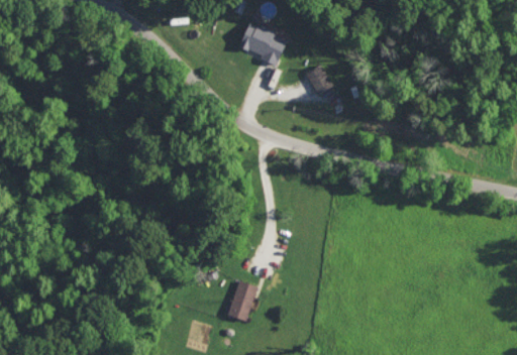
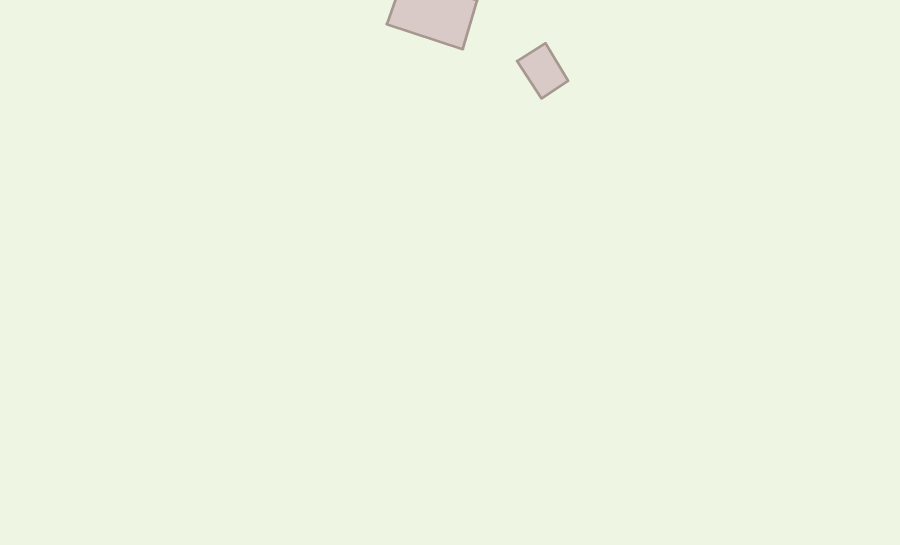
building: [227,281,257,322] -> none

